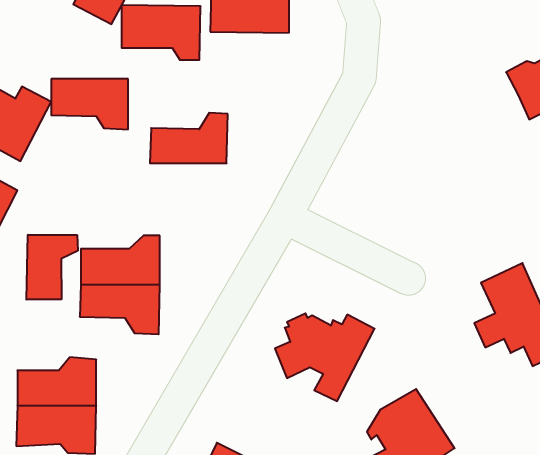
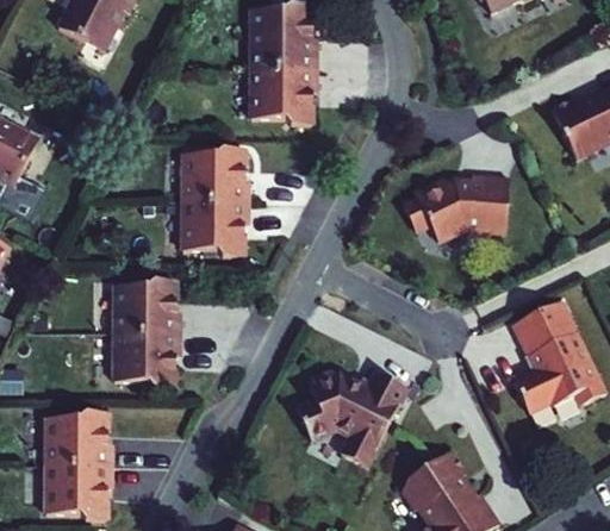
building: [122,5,201,60] -> [230,63,316,123]
building: [51,79,128,129] -> [164,206,248,261]
building: none -> [406,164,518,238]
building: [26,235,78,300] -> none

